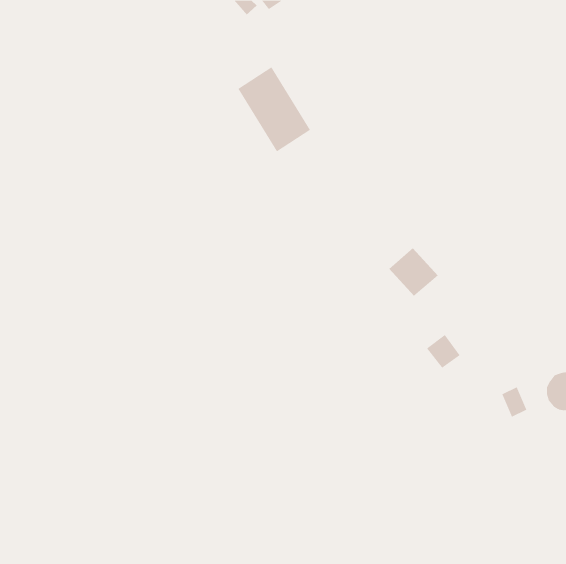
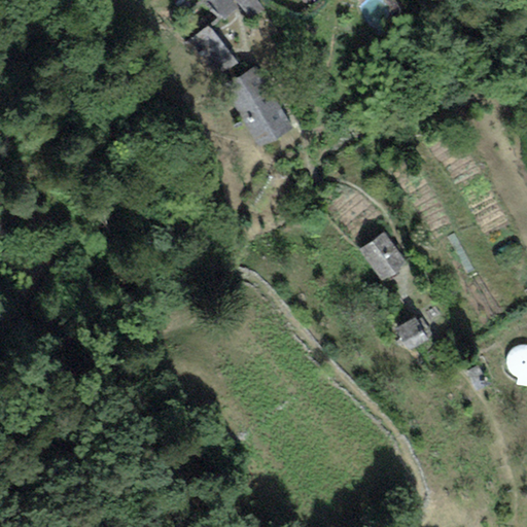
building: none -> [190,27,237,75]

